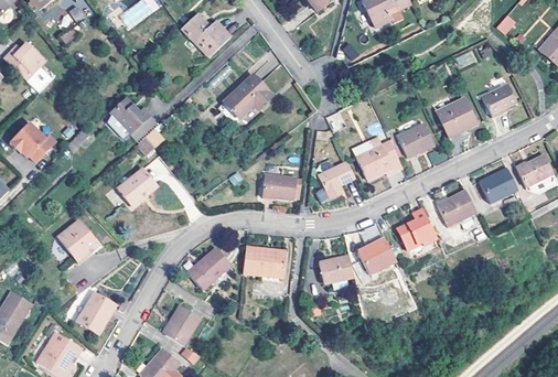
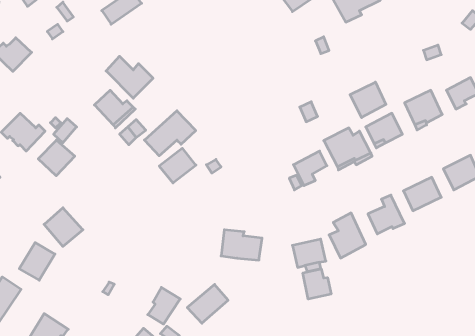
building: [182,11,232,55] -> [106,56,153,98]
building: [221,73,275,120] -> [144,111,196,156]
building: none -> [350,82,386,118]
building: none -> [38,140,75,176]
building: [119,168,158,204] -> [159,148,196,183]
building: [261,173,300,200] -> none
building: [189,247,232,288] -> [187,284,228,323]
building: none -> [303,269,331,299]
building: [78,292,116,332] -> [19,243,55,280]

